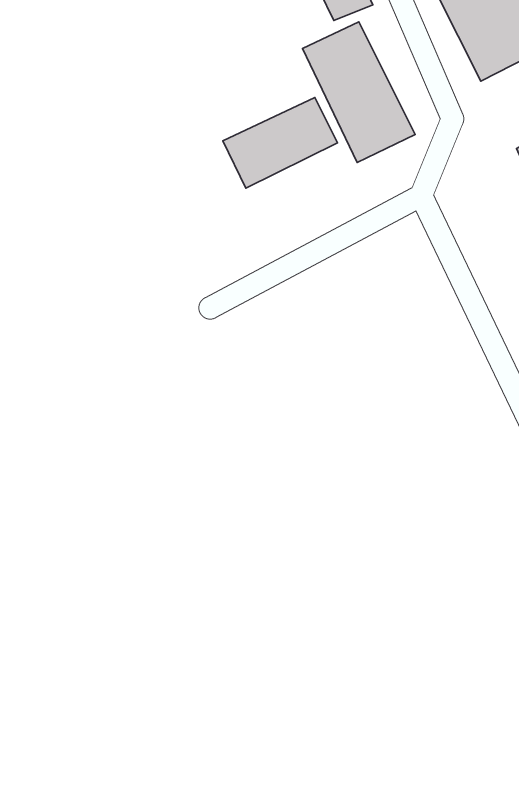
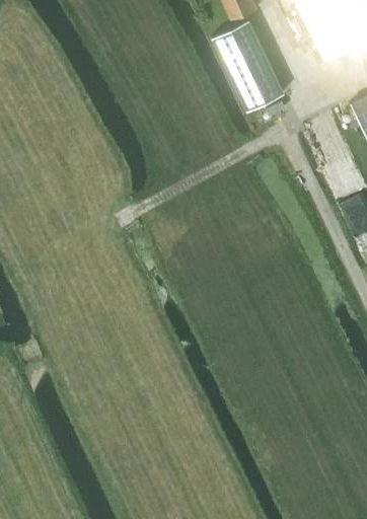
building: [223,97,338,188] -> none

